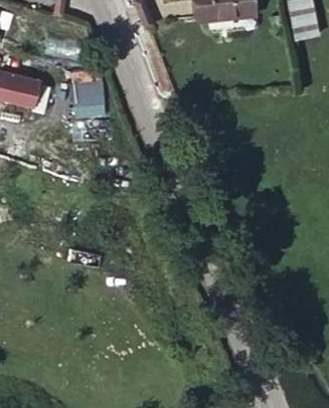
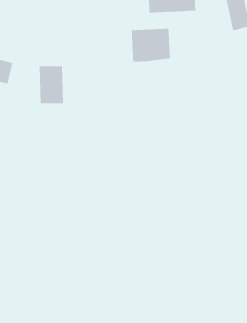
building: none -> [131,28,171,63]

